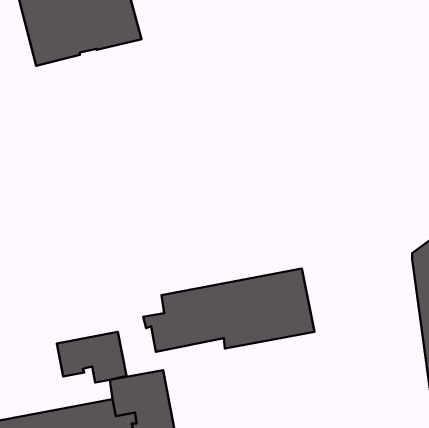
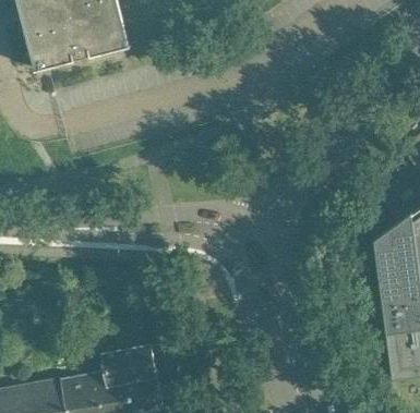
building: [143,268,314,352] -> none
building: [57,332,126,382] -> none

